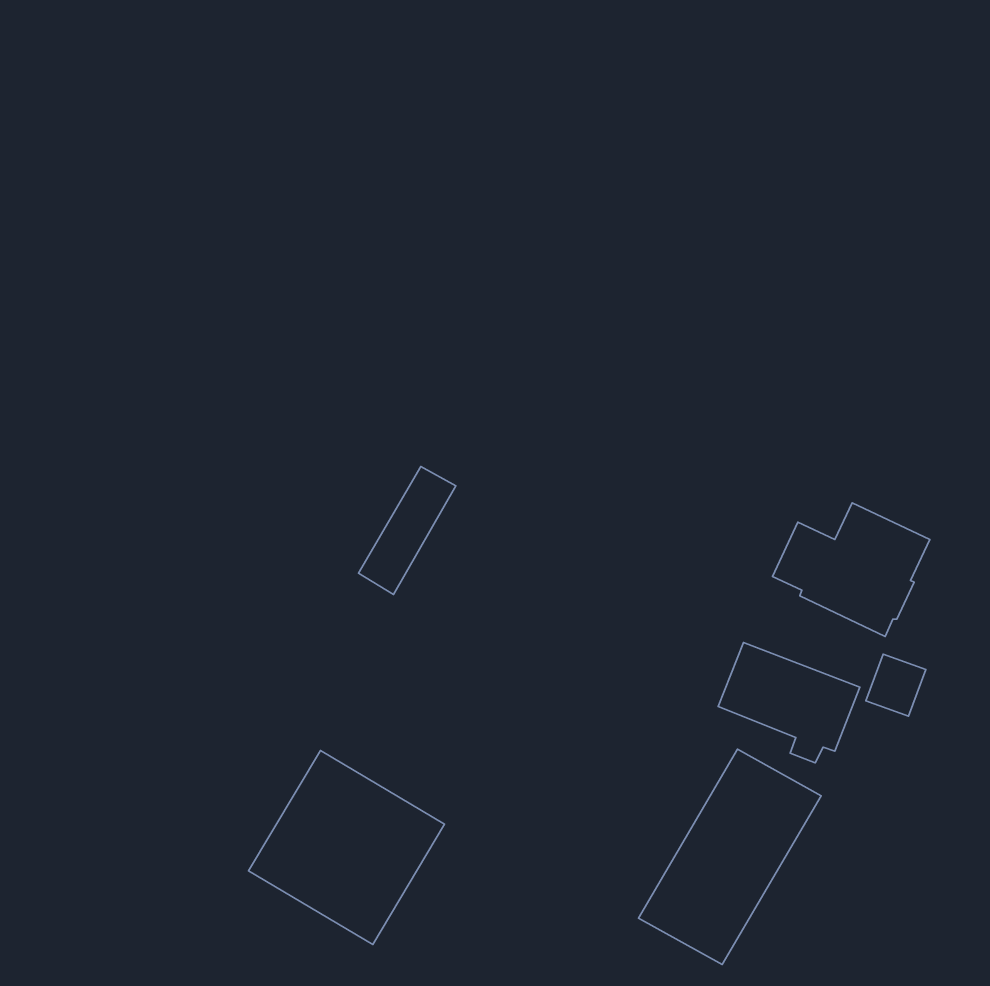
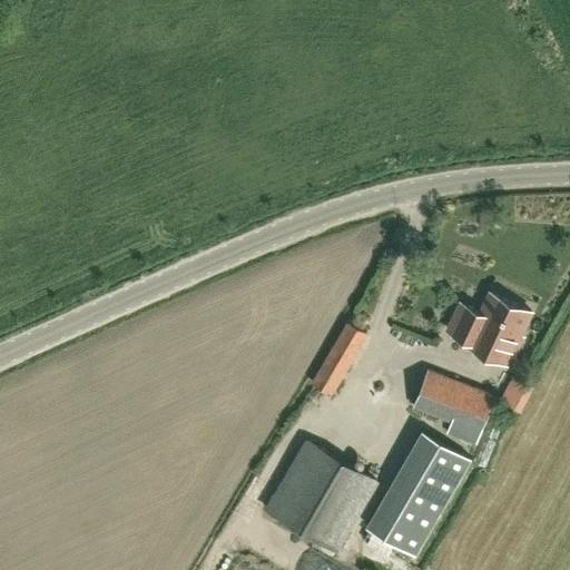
building: [359,466,456,595] -> [311,323,366,396]
building: [249,750,445,944] -> [265,442,377,553]

